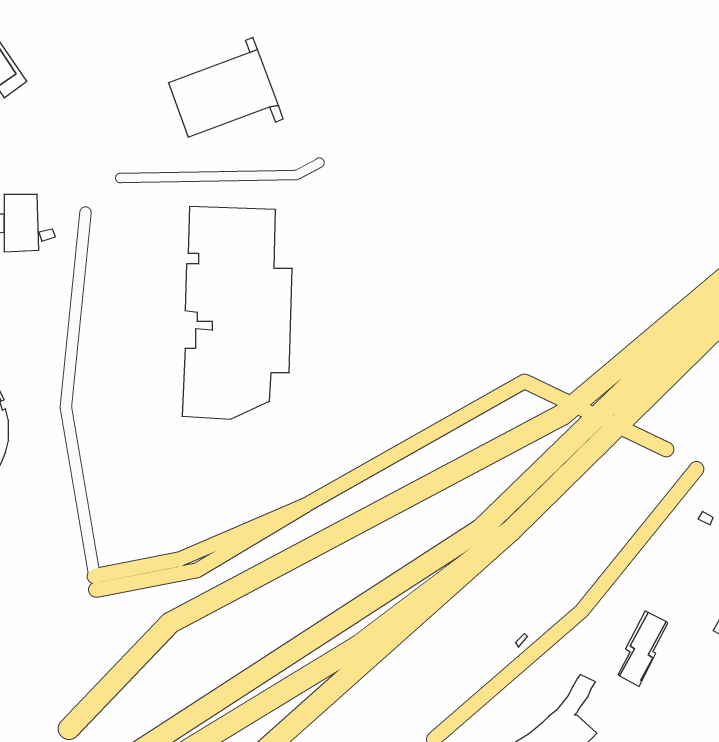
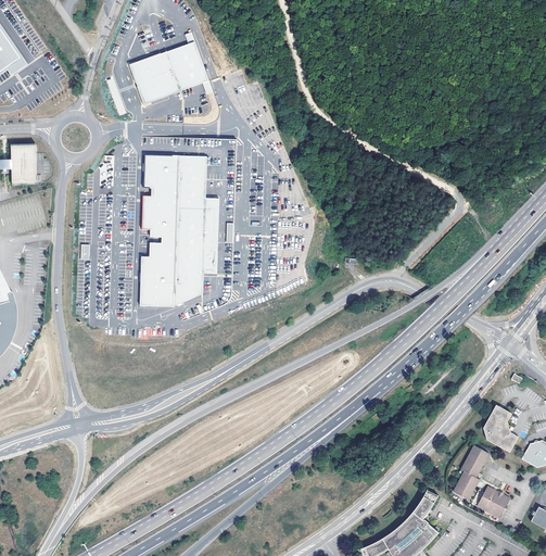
building: none -> [482,405,517,453]
building: none -> [478,486,509,518]

